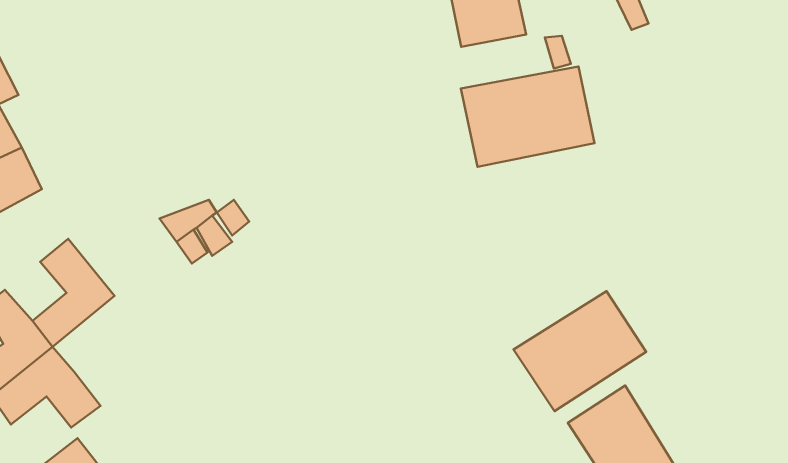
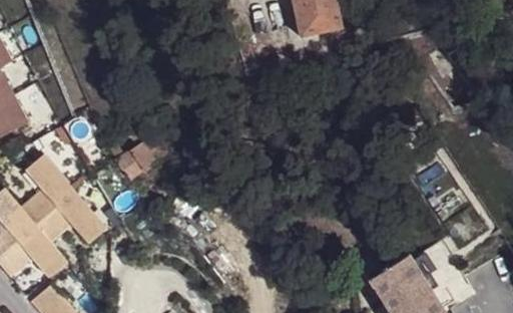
building: [461,66,594,167] -> none
building: [514,291,646,411] -> none
building: none -> [35,193,106,245]

